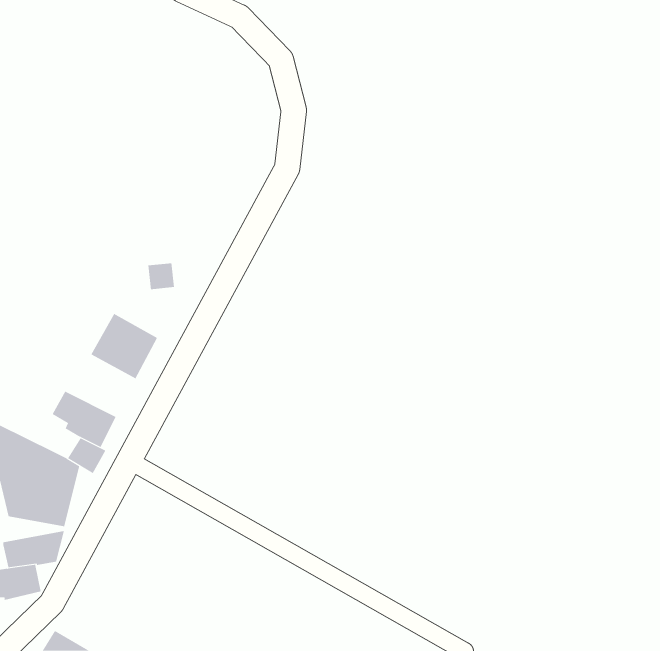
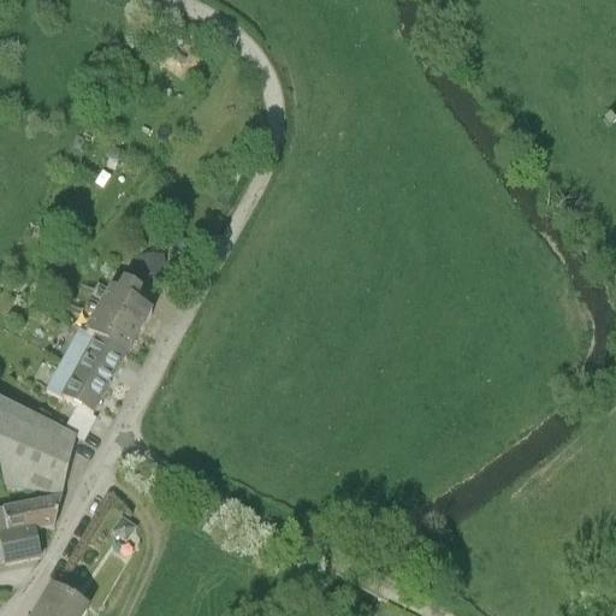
building: none -> [106,268,159,314]
building: none -> [60,328,126,387]

